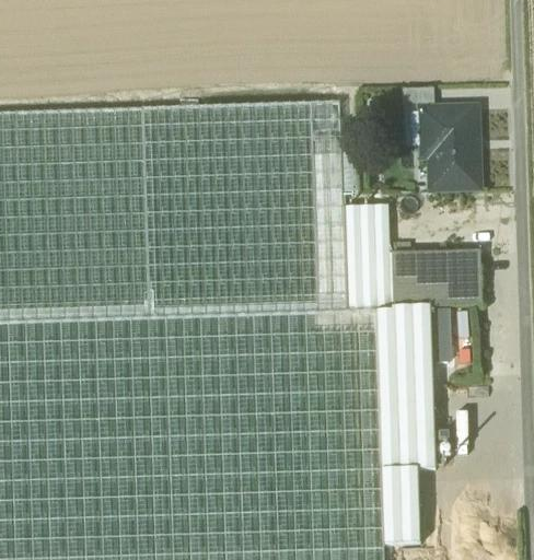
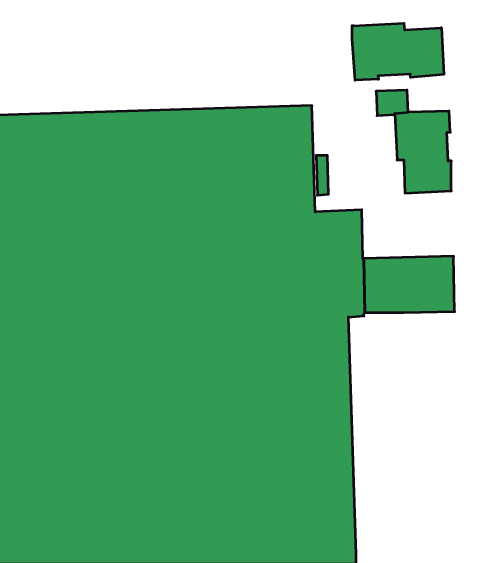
building: none -> [352,23,444,80]
building: [374,310,434,548] -> none

